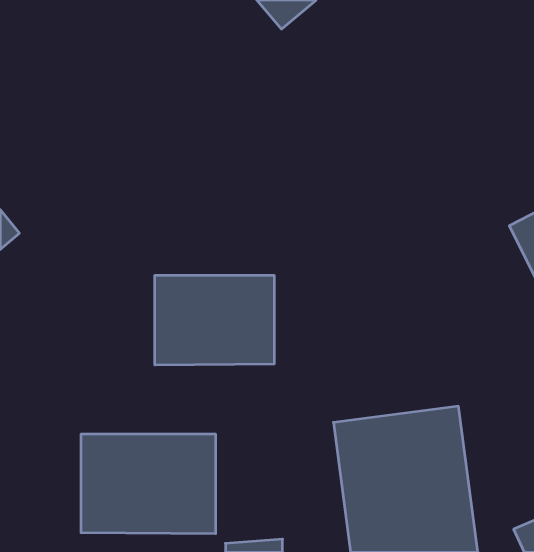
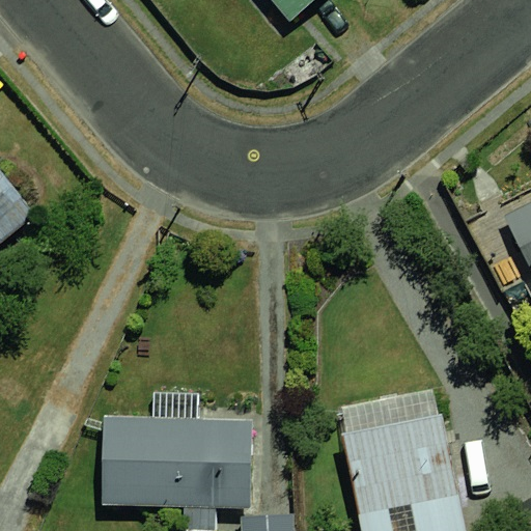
building: [155,275,274,365] -> none

